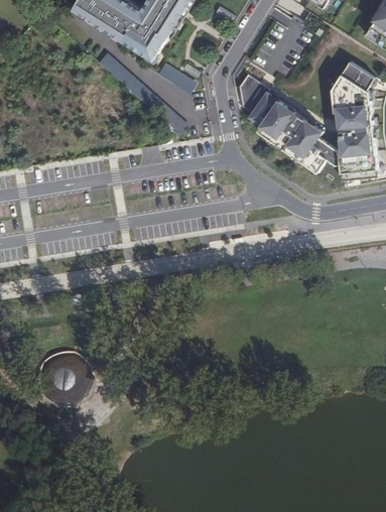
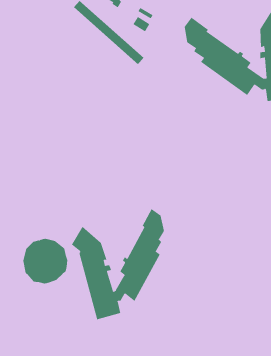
building: none -> [71,208,164,320]

